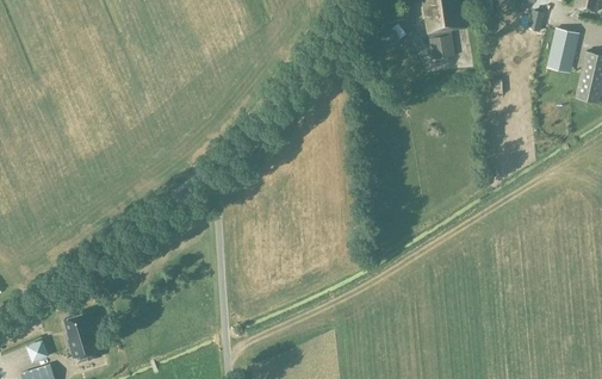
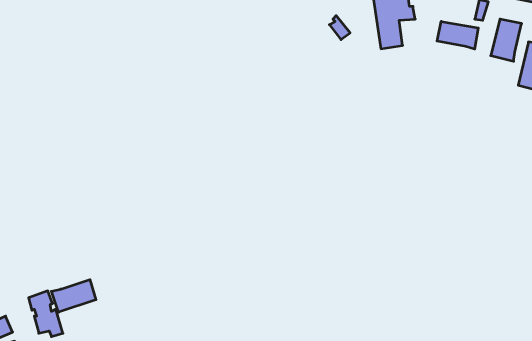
building: none -> [437,21,478,49]
building: none -> [51,280,96,312]

